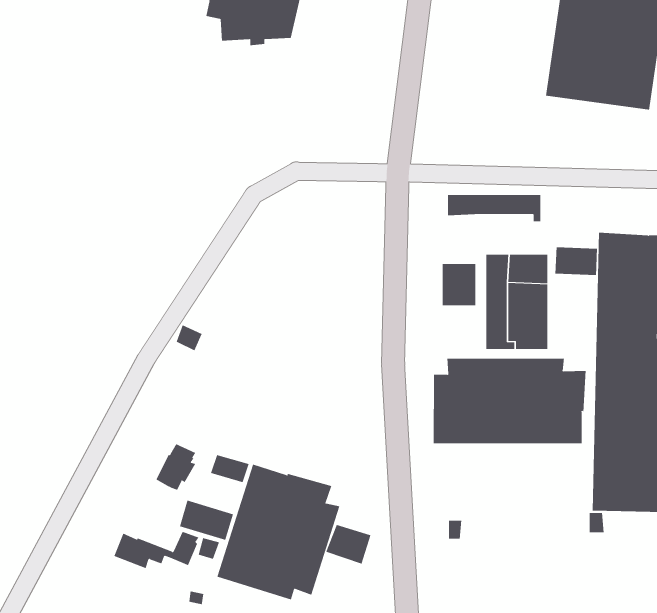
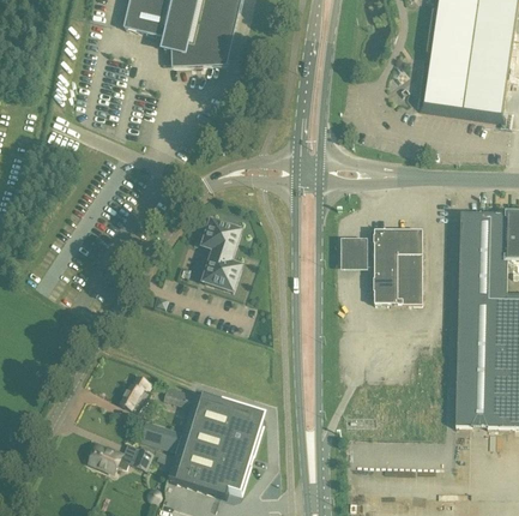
building: [447,194,541,222] -> none
building: none -> [204,220,242,290]
building: [555,246,598,276] -> none
building: [433,358,586,444] -> none
building: [326,524,371,565] -> none

